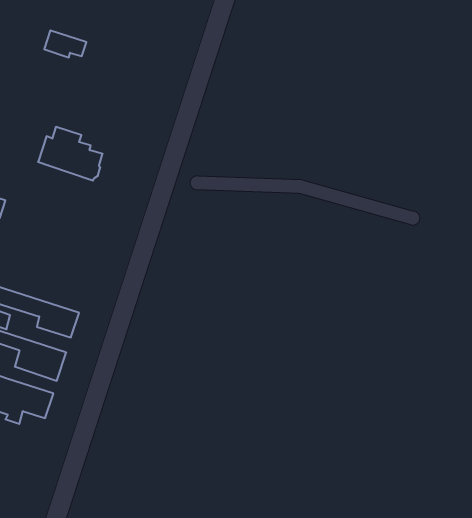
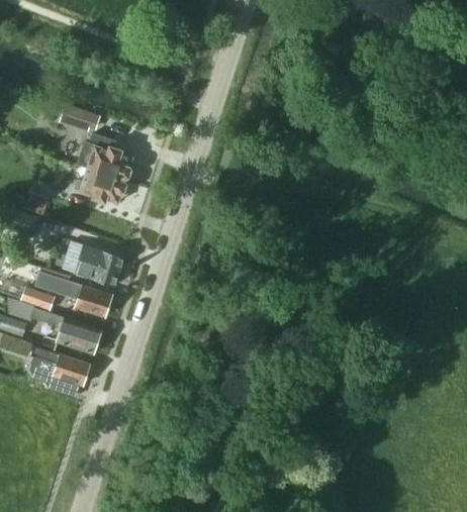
building: [44,30,86,57] -> [62,106,98,129]
building: none -> [73,168,126,204]
building: none -> [76,245,124,285]

